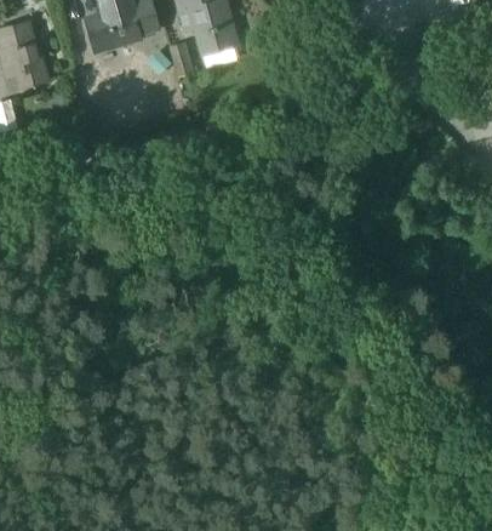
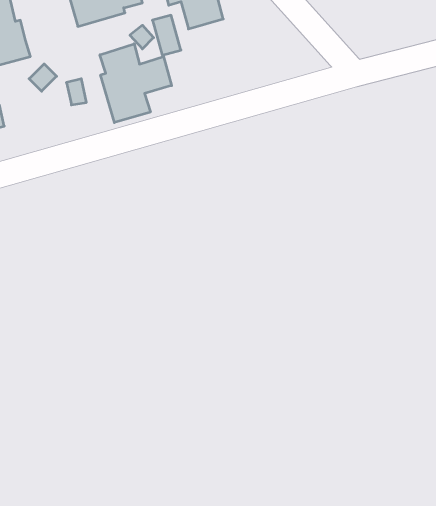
building: none -> [100,44,172,123]

